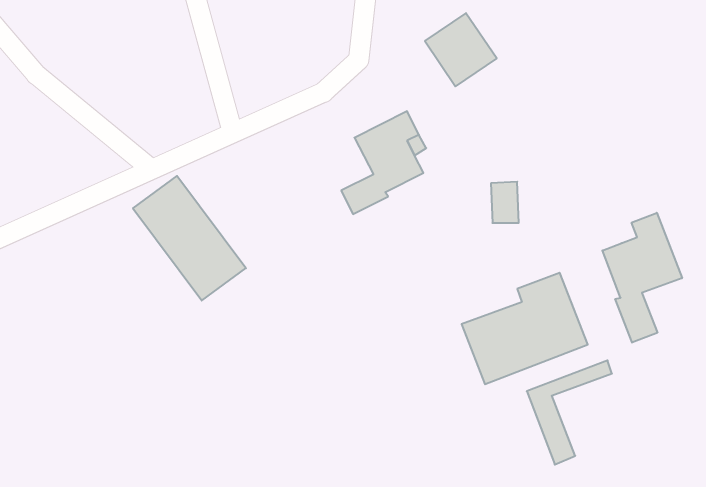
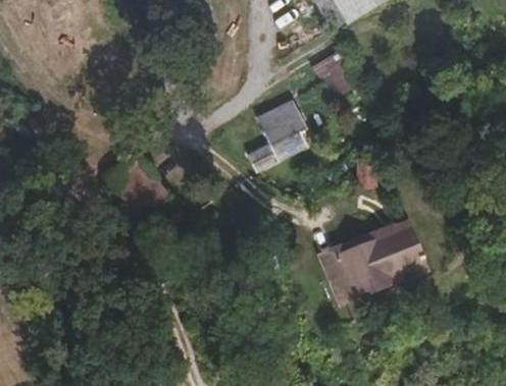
building: [602,213,682,343] -> none
building: [527,360,612,465] -> [317,231,376,304]

